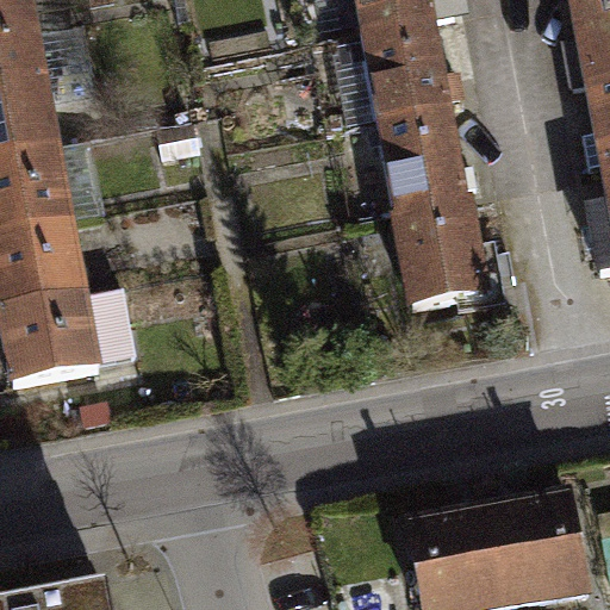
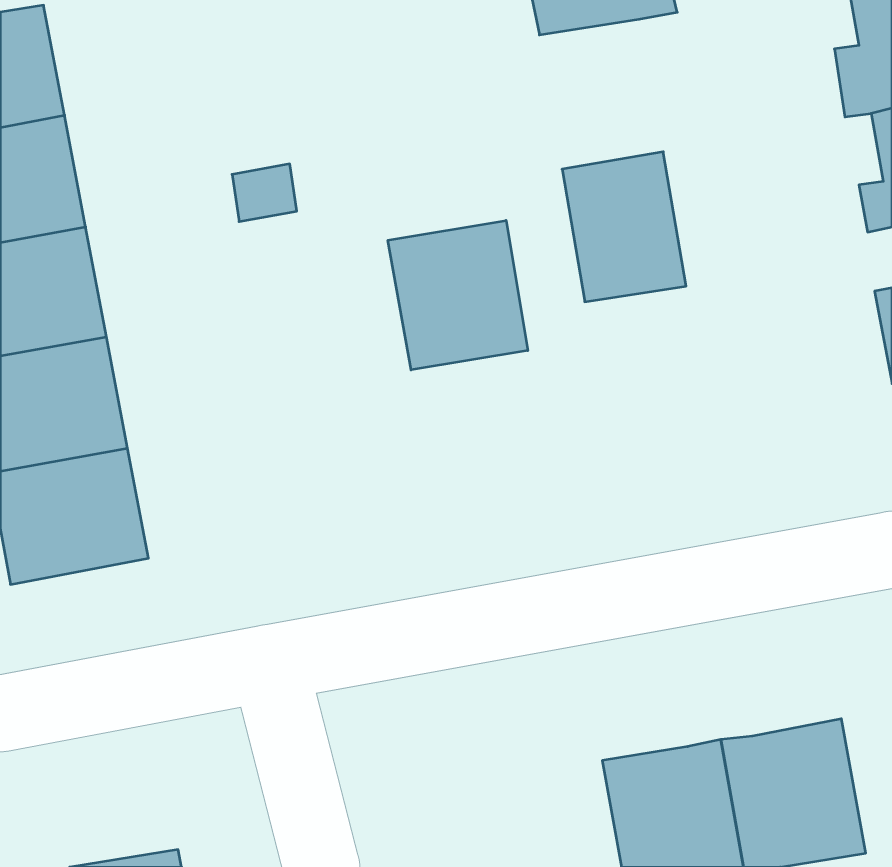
building: [368,13,453,116] -> none
building: none -> [388,220,528,370]
building: [399,195,506,299] -> none

